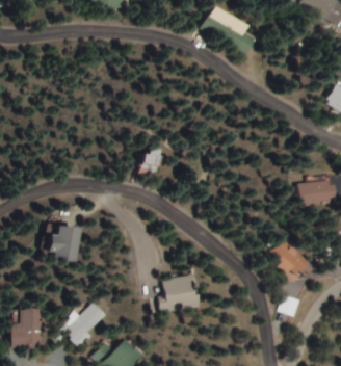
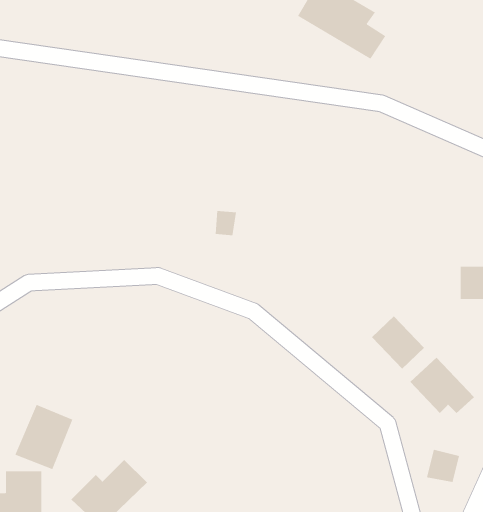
building: none -> [371,315,425,370]
building: [44,223,80,263] -> [14,404,73,470]
building: [162,273,196,310] -> none

